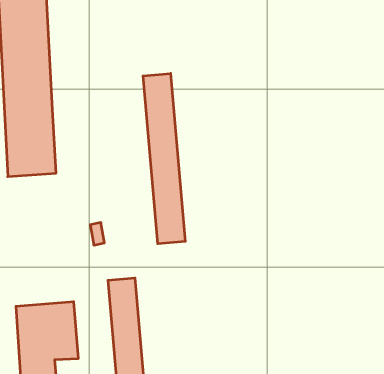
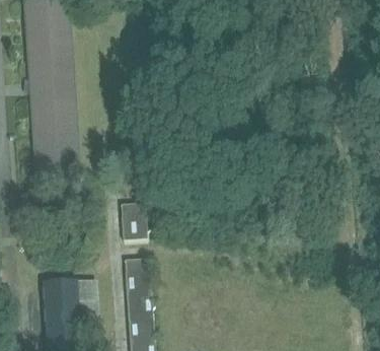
building: [143,73,185,244] -> none
building: none -> [120,204,145,238]

